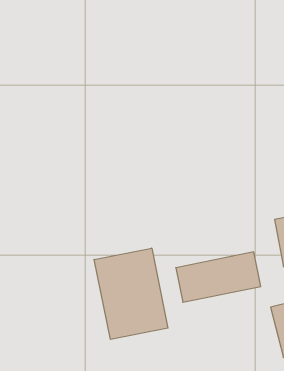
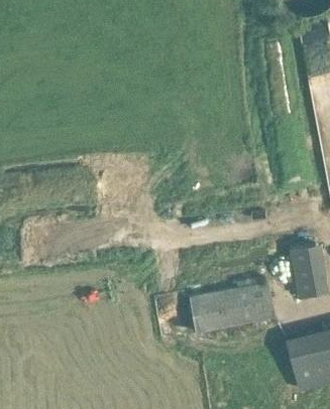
building: [94,248,168,339] -> none

